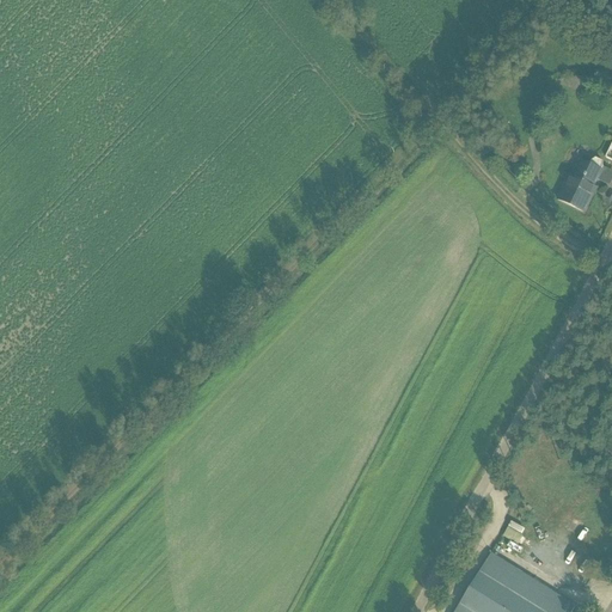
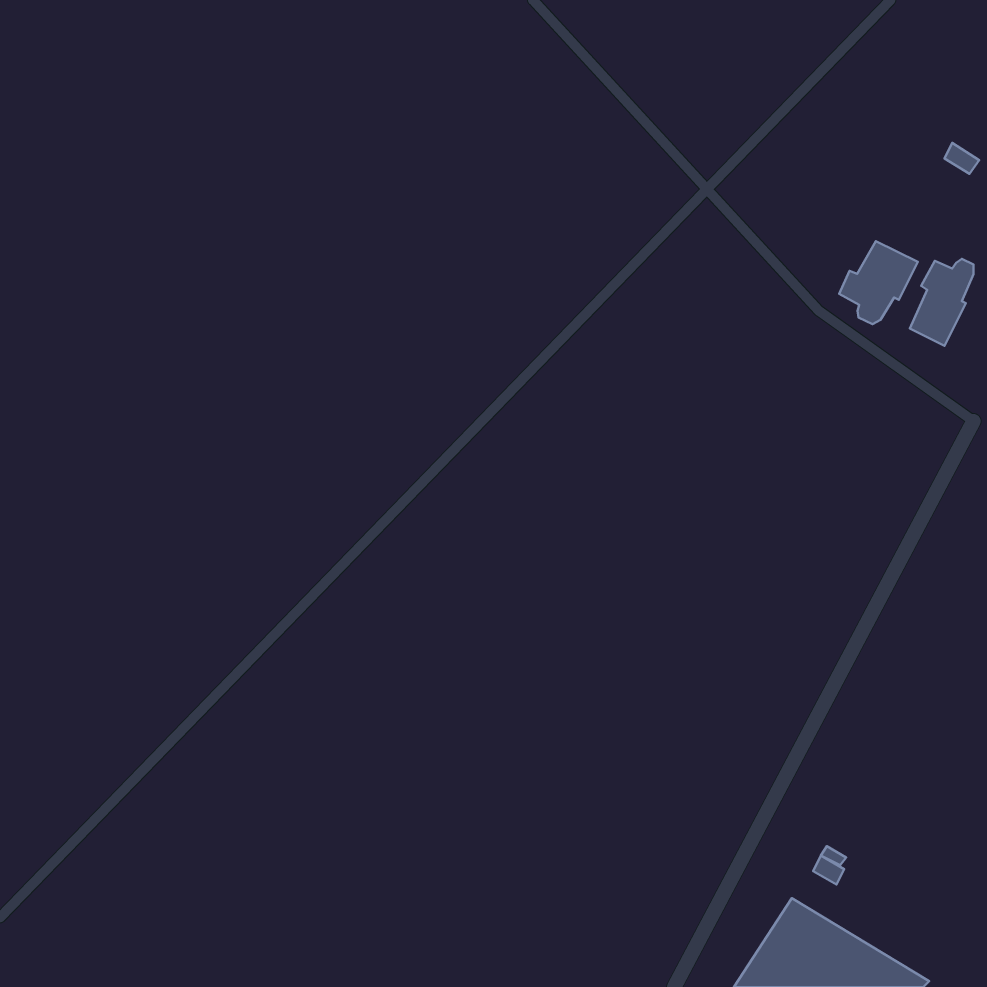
building: none -> [839,241,918,324]

